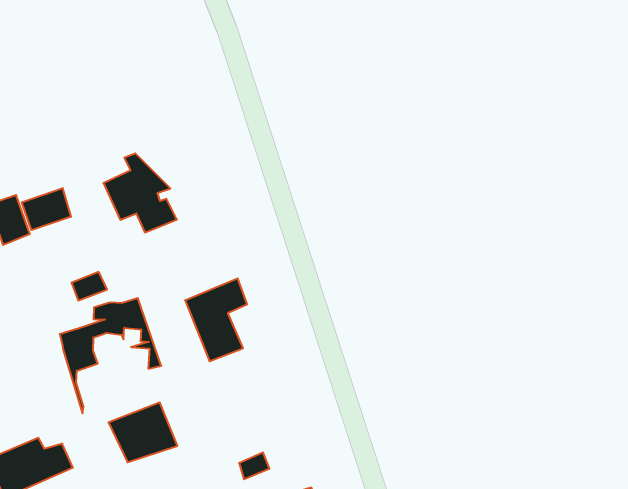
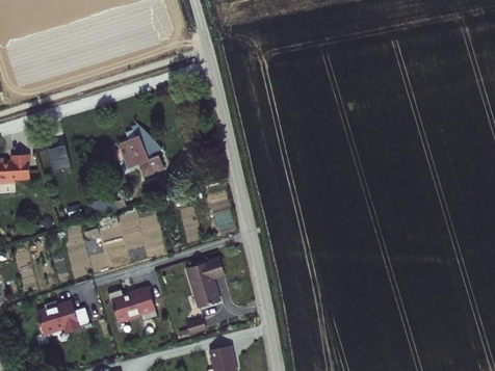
building: [22,188,71,230] -> none
building: [185,279,247,361] -> [186,257,225,307]

